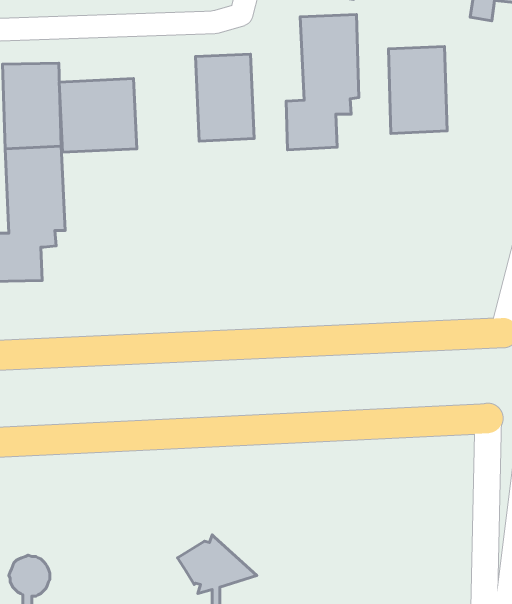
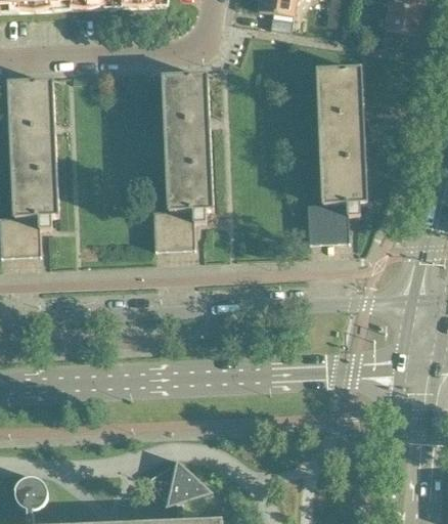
building: [286,14,359,150] -> [307,134,365,243]
building: [59,79,137,152] -> none
building: none -> [152,140,211,249]

